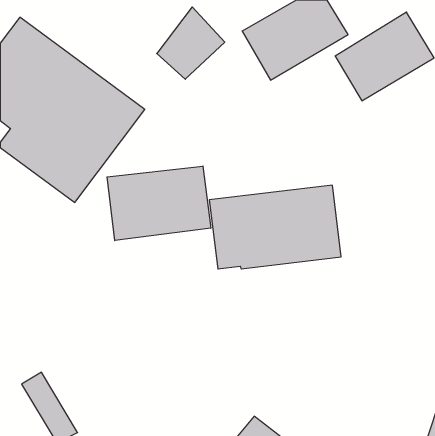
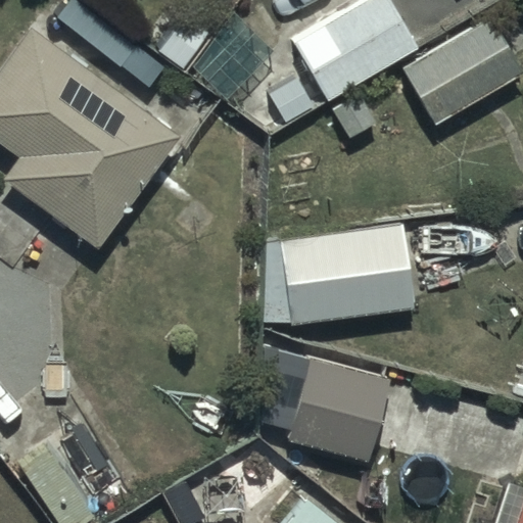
building: [107,166,211,241] -> none
building: none -> [288,358,388,461]

